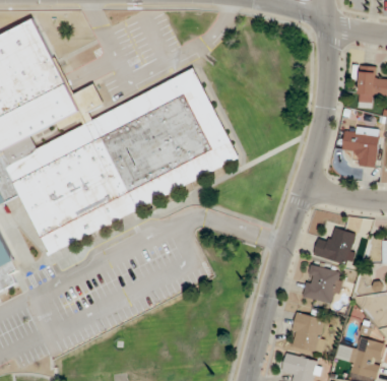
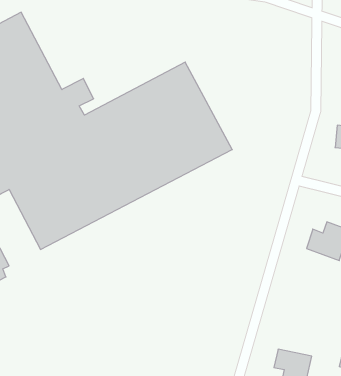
building: [303,264,343,304] -> none
building: [289,313,328,353] -> none

